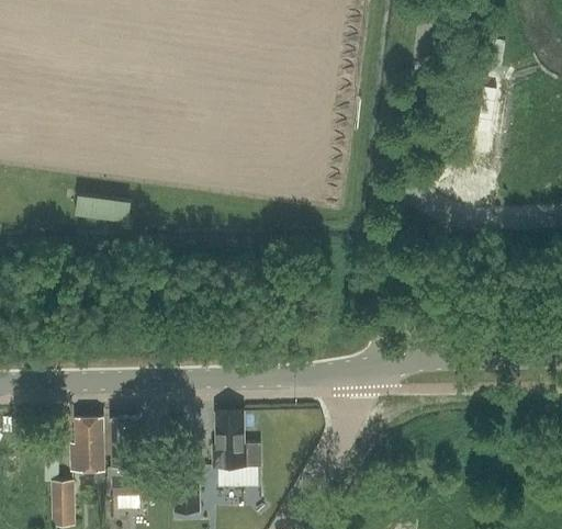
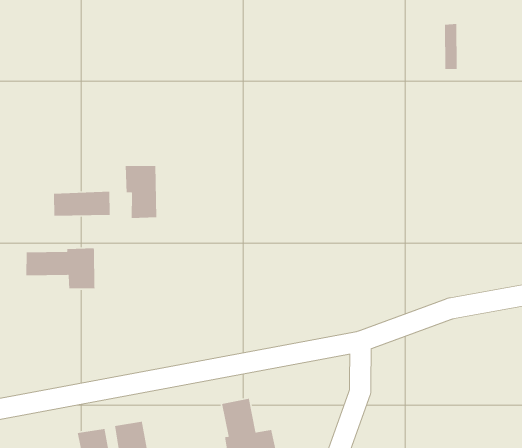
building: none -> [125,165,157,219]
building: none -> [26,247,95,289]

